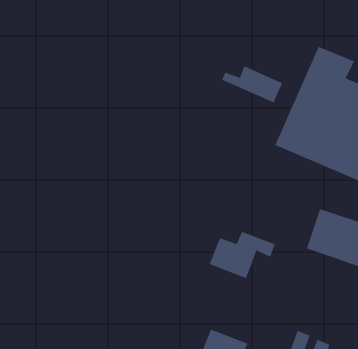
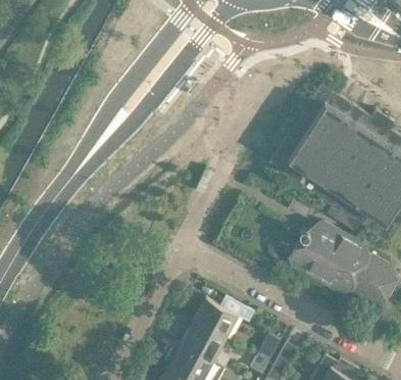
building: [221,66,283,103] -> none
building: [209,231,276,279] -> [192,296,253,339]

